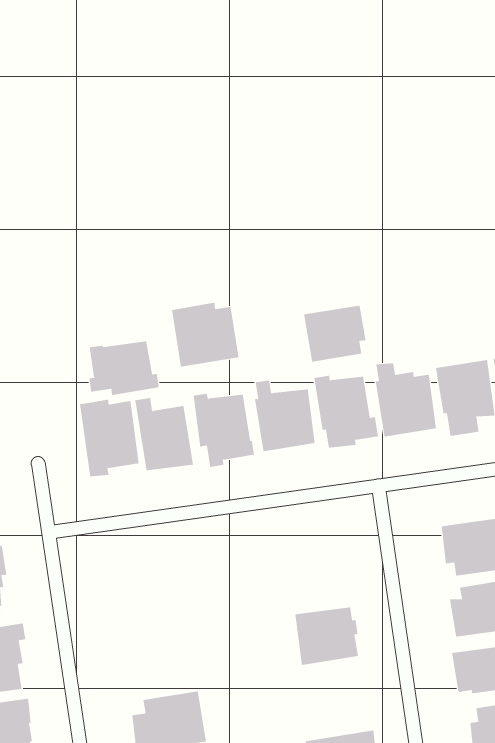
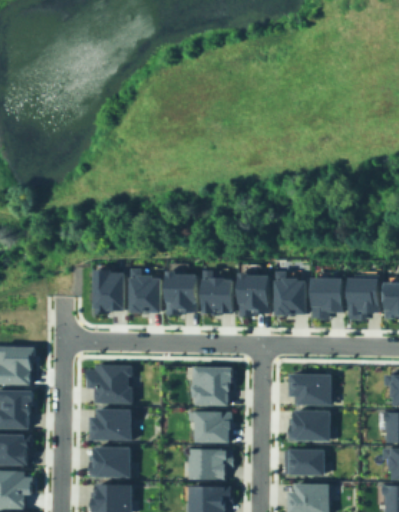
building: [171,302,239,368] -> none
building: [304,305,366,362] -> none
building: [89,340,159,396] -> none
building: none -> [193,366,234,406]
building: none -> [96,365,131,404]
building: none -> [89,409,133,441]
building: none -> [187,450,232,481]

